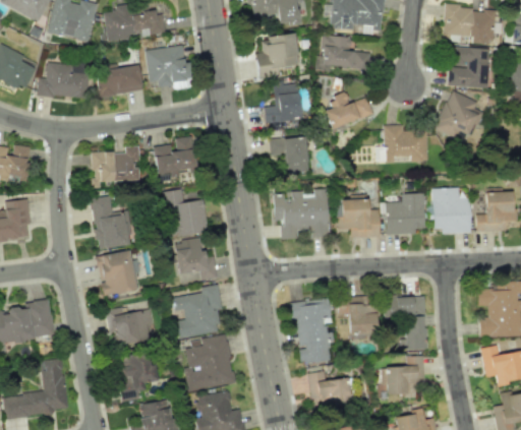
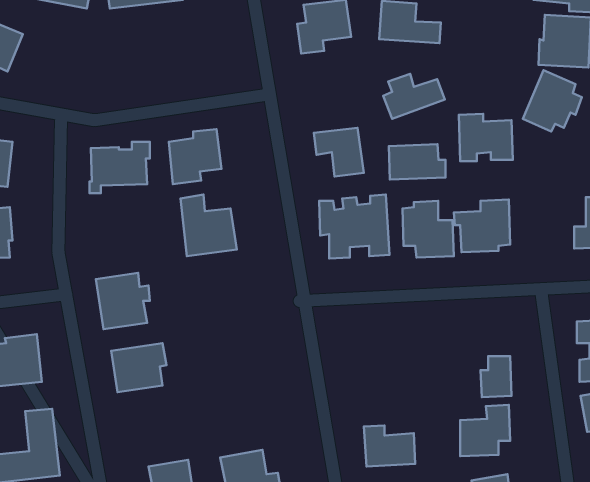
building: [146,46,192,89] -> none
building: [37,62,91,101] -> none
building: [95,65,142,98] -> none
building: [265,82,300,123] -> none
building: none -> [389,144,445,179]
building: [432,188,471,234] -> none
building: [91,196,129,250] -> none
building: [173,238,218,281] -> none
building: [173,285,222,339] -> none
building: [348,297,378,339] -> none
building: [383,297,426,317] -> none
building: [292,299,333,364] -> none
building: [184,335,235,391] -> none
building: [119,353,158,402] -> none

